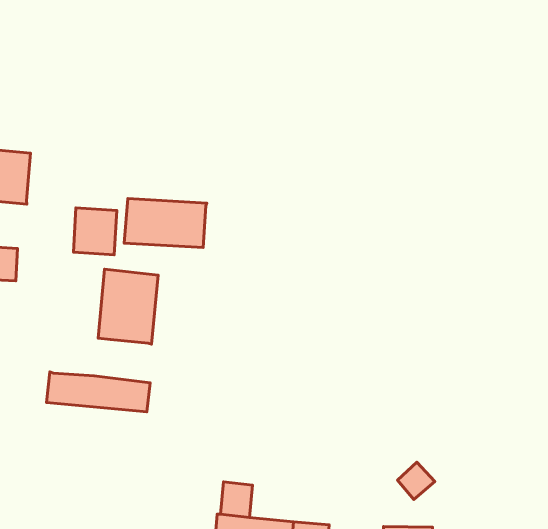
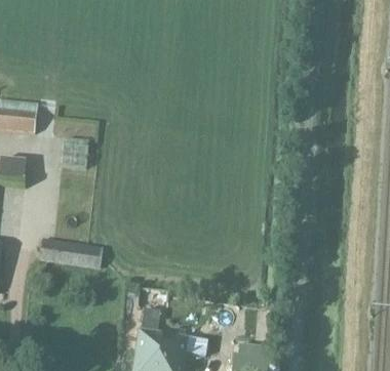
building: [124,199,207,248] -> none
building: [98,269,158,344] -> none

